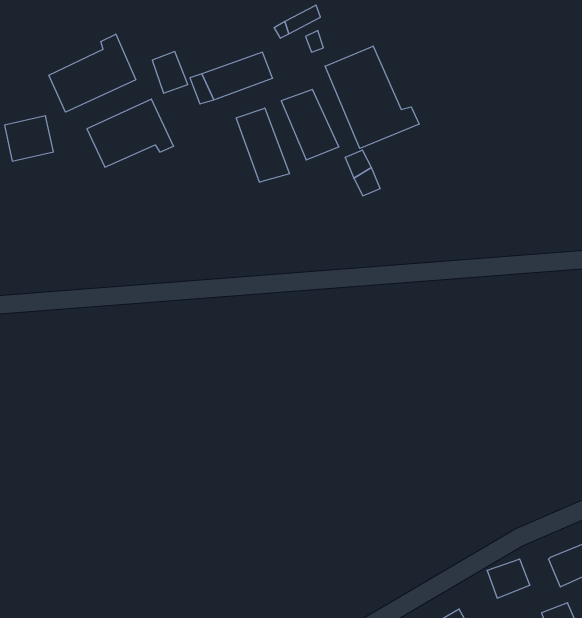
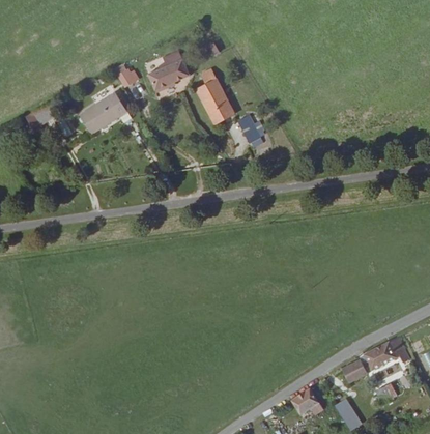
building: [49,34,136,112] -> none
building: [325,46,419,148] -> none
building: [236,108,290,182] -> none

